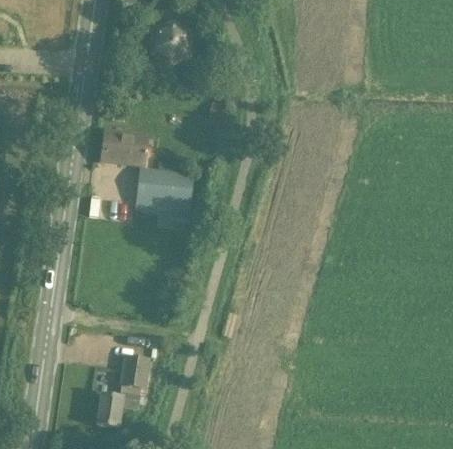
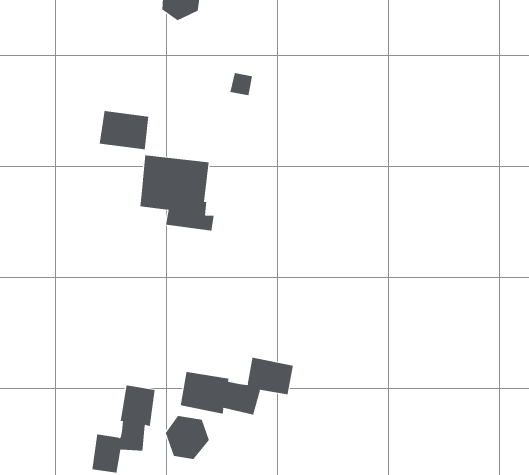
building: none -> [180,357,294,416]
building: none -> [165,415,210,460]

